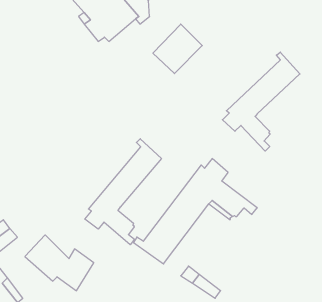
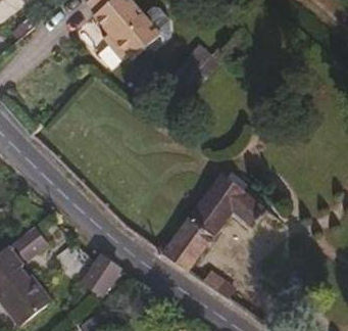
building: [222,52,300,151] -> none
building: [85,139,161,245] -> none

